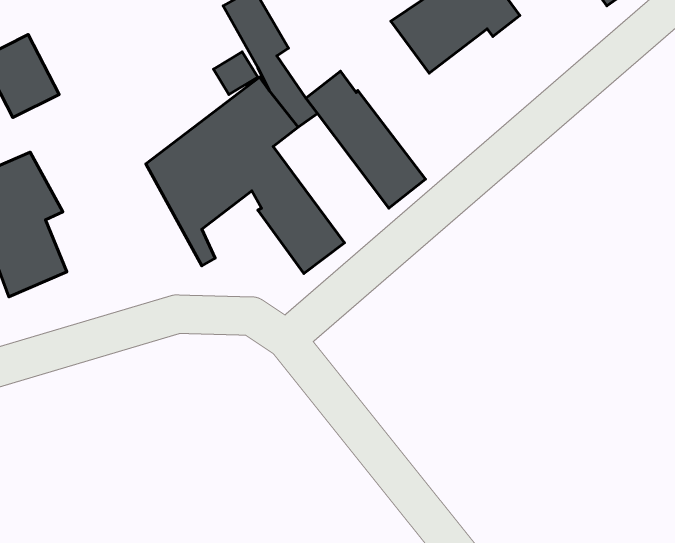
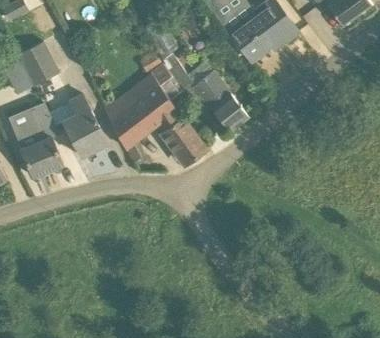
building: none -> [63,94,107,158]

